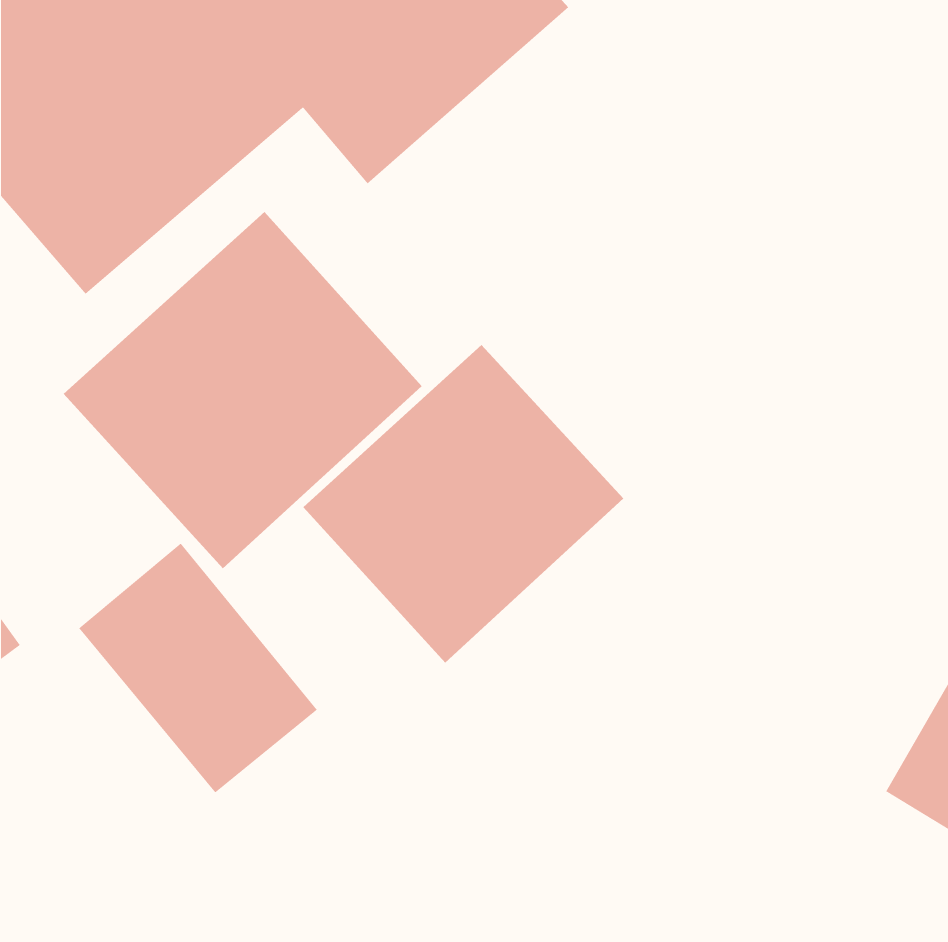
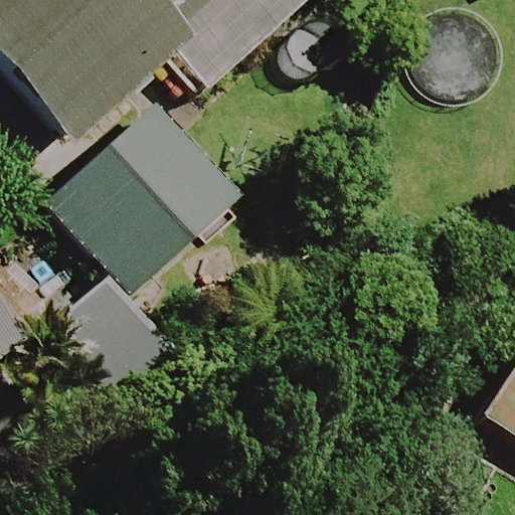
building: [302,344,624,663] -> none

